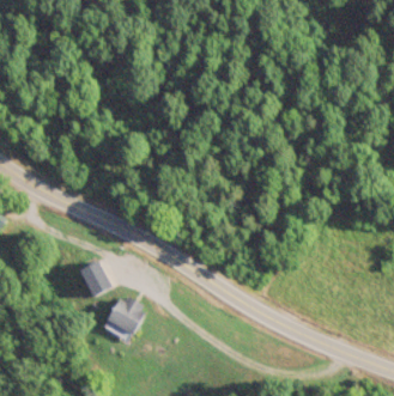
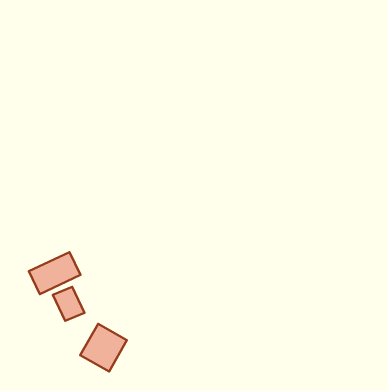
building: none -> [29,252,81,294]

